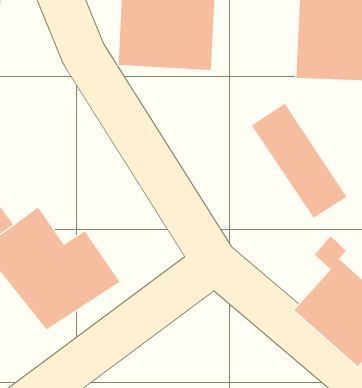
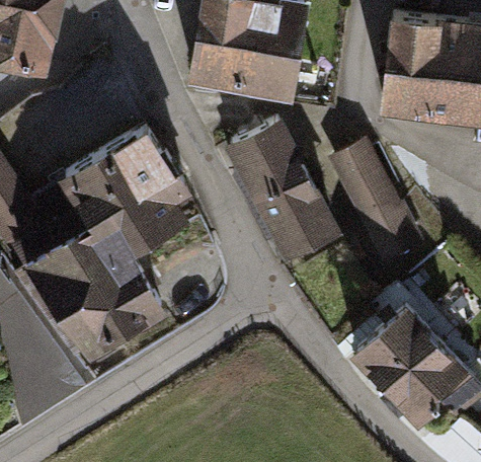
building: none -> [222,117,341,266]
building: none -> [63,127,194,271]

